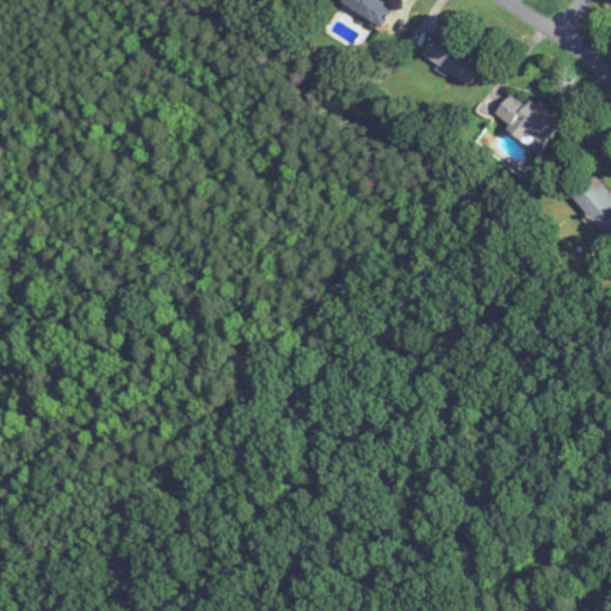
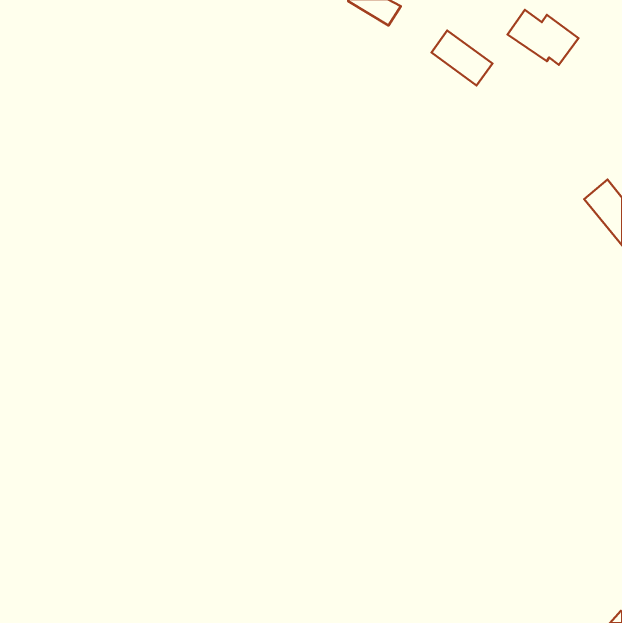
building: [492,92,561,146] -> [508,10,579,65]

